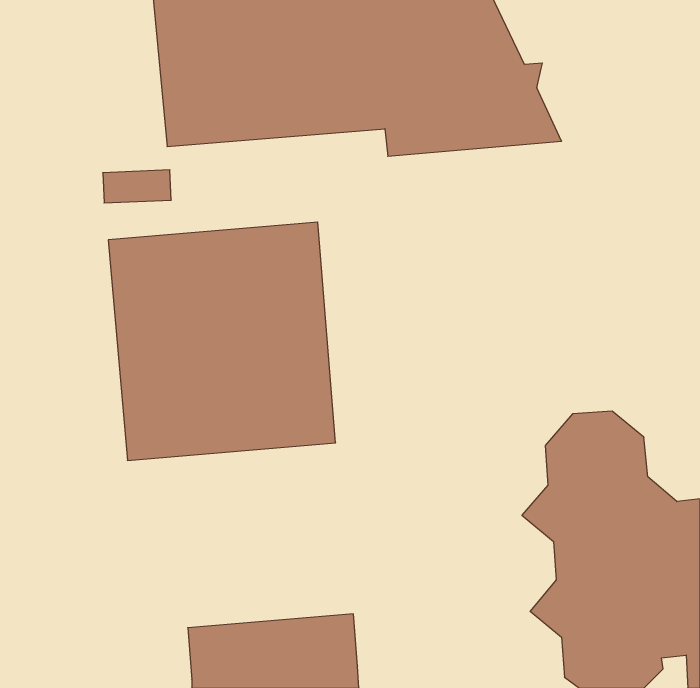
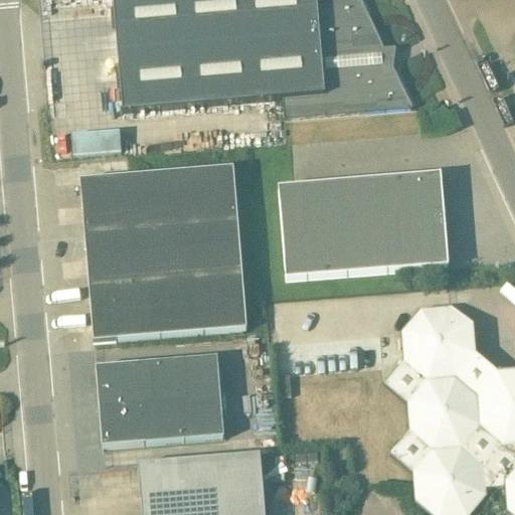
building: none -> [279,170,449,276]
building: none -> [96,353,224,444]

